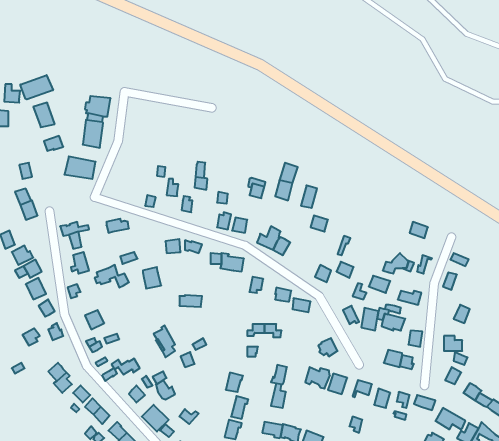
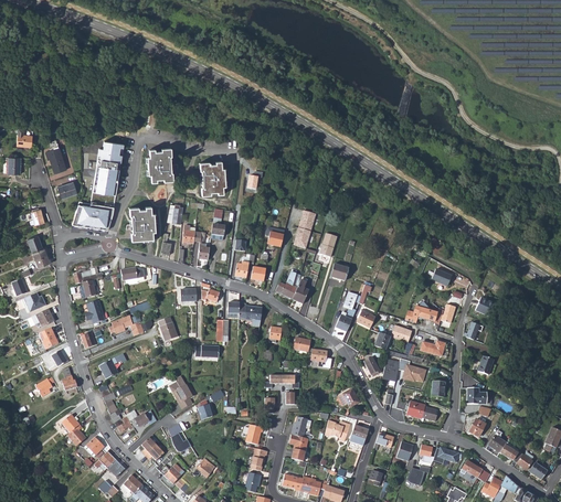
building: [20,75,53,99] -> none
building: none -> [146,148,172,181]
building: none -> [199,161,226,195]
building: none -> [128,206,156,241]

